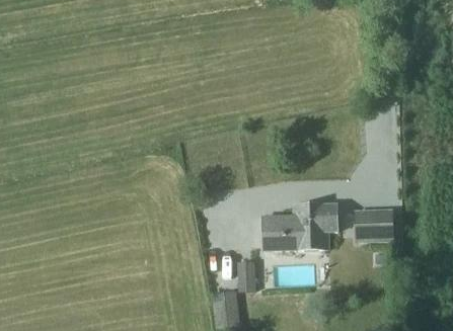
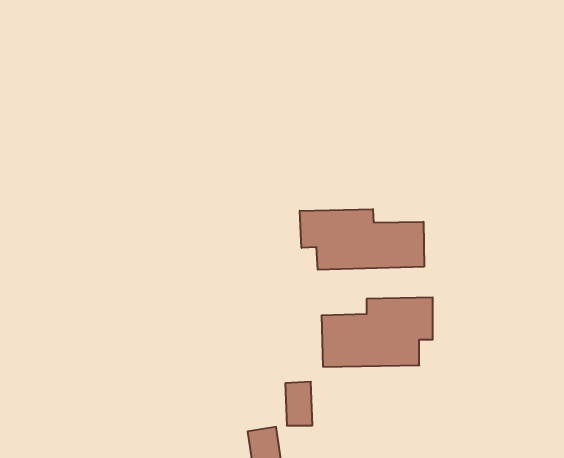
building: none -> [300,209,424,270]
building: [355,208,394,241] -> none

